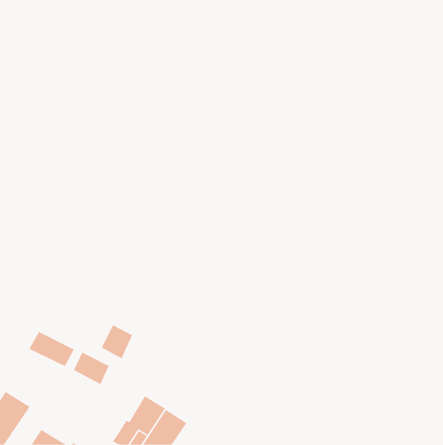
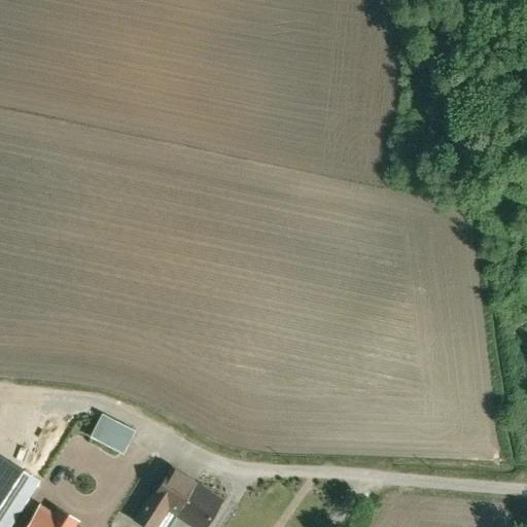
building: [101,324,133,359] -> none
building: [28,331,75,367] -> none

